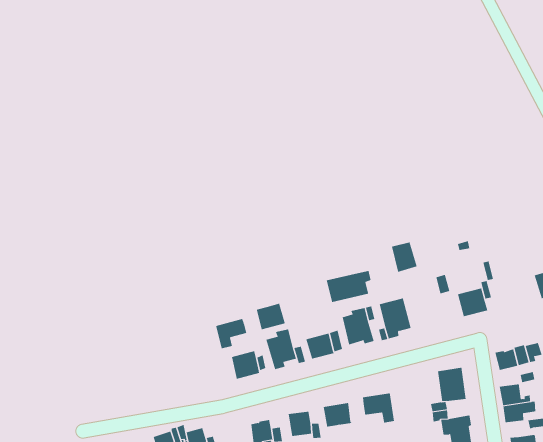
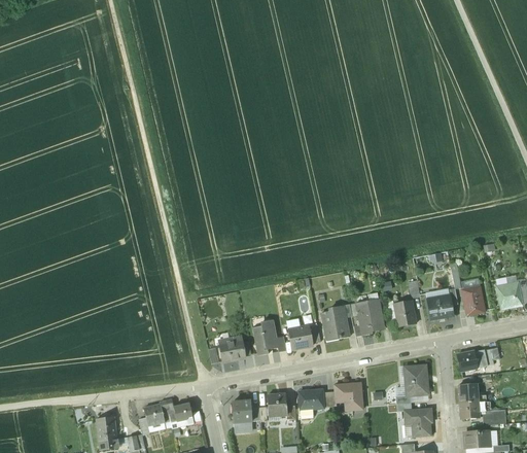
building: [391,242,418,272] -> [393,300,416,326]
building: [326,270,371,303] -> none
building: none -> [461,286,484,315]
building: [256,303,286,330] -> none
building: [215,318,247,349] -> none

